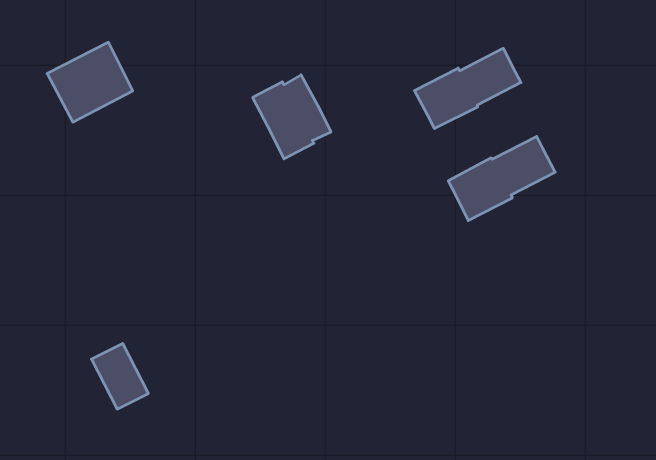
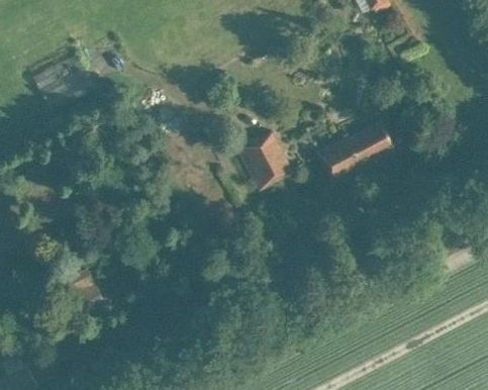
building: [414,48,521,129] -> none
building: [253,75,331,159] -> [237,131,293,191]

